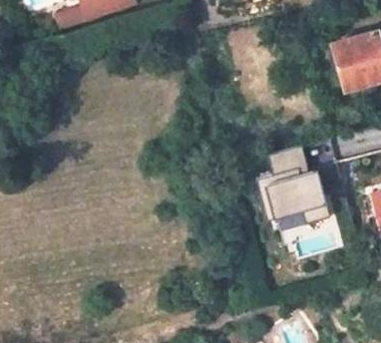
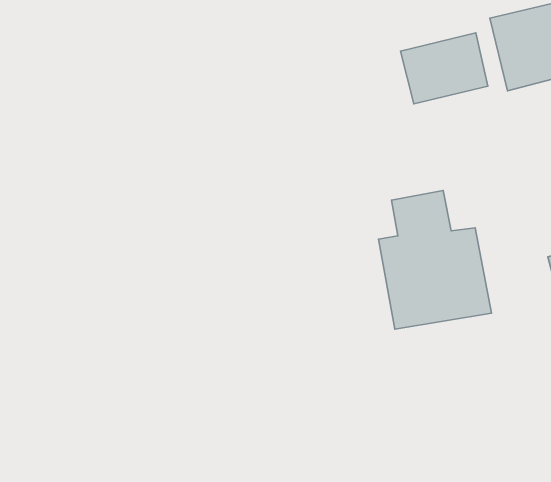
building: none -> [400,33,488,104]

